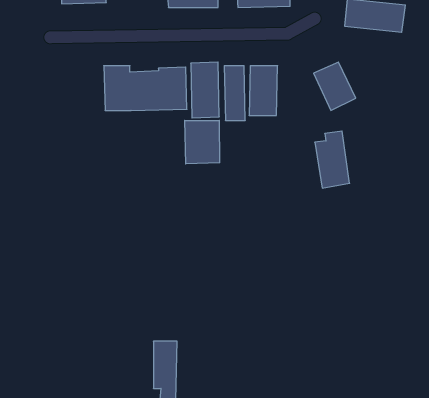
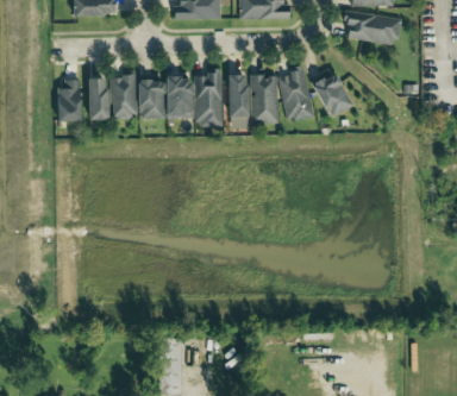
building: none -> [57,78,81,121]
building: none -> [86,78,107,120]
building: [185,120,220,164] -> none
building: [315,131,350,188] -> [280,65,313,120]

